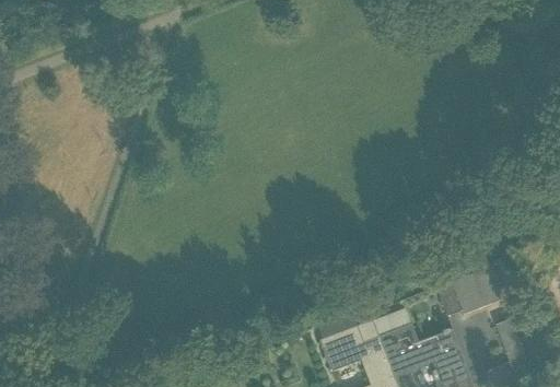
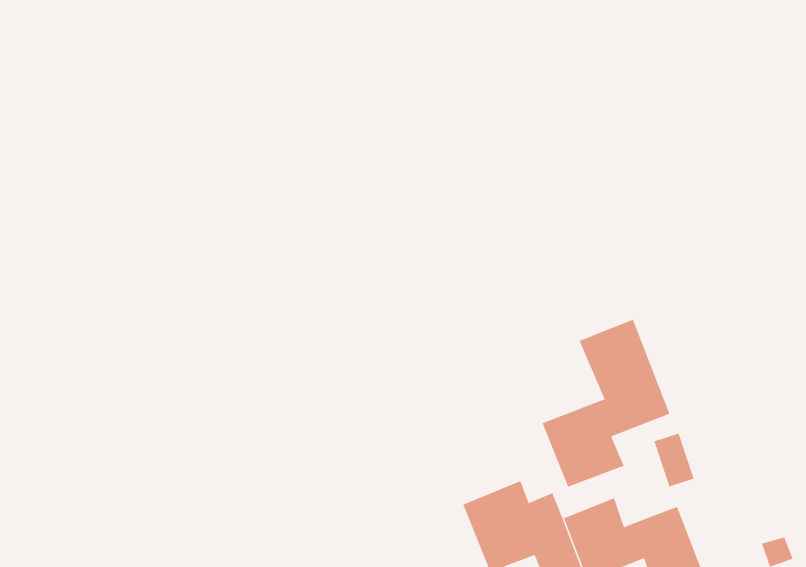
building: none -> [542,319,670,488]

